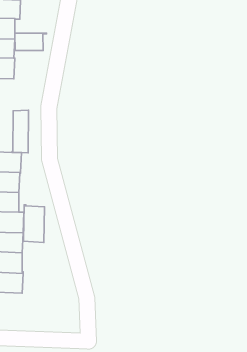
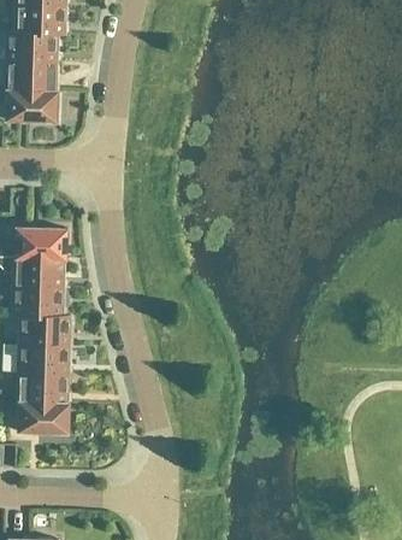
building: [15,33,47,51] -> none
building: [12,110,28,153] -> none
building: [23,205,44,242] -> none

